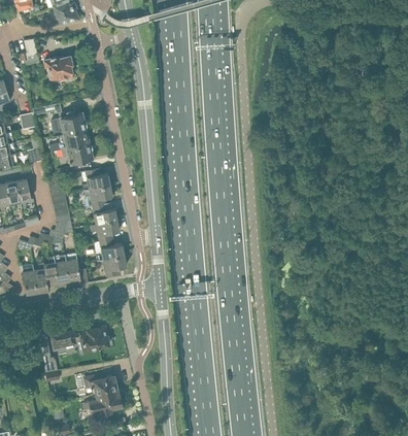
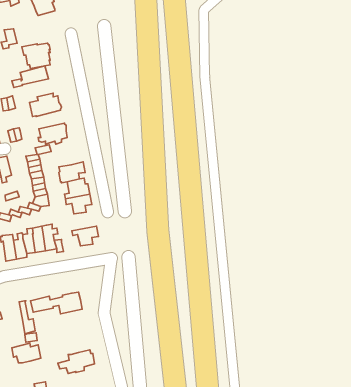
building: [48,129,89,153] -> [12,66,49,87]
building: [81,169,109,191] -> none
building: [94,240,124,261] -> none
building: [84,374,116,396] -> [12,343,41,363]

